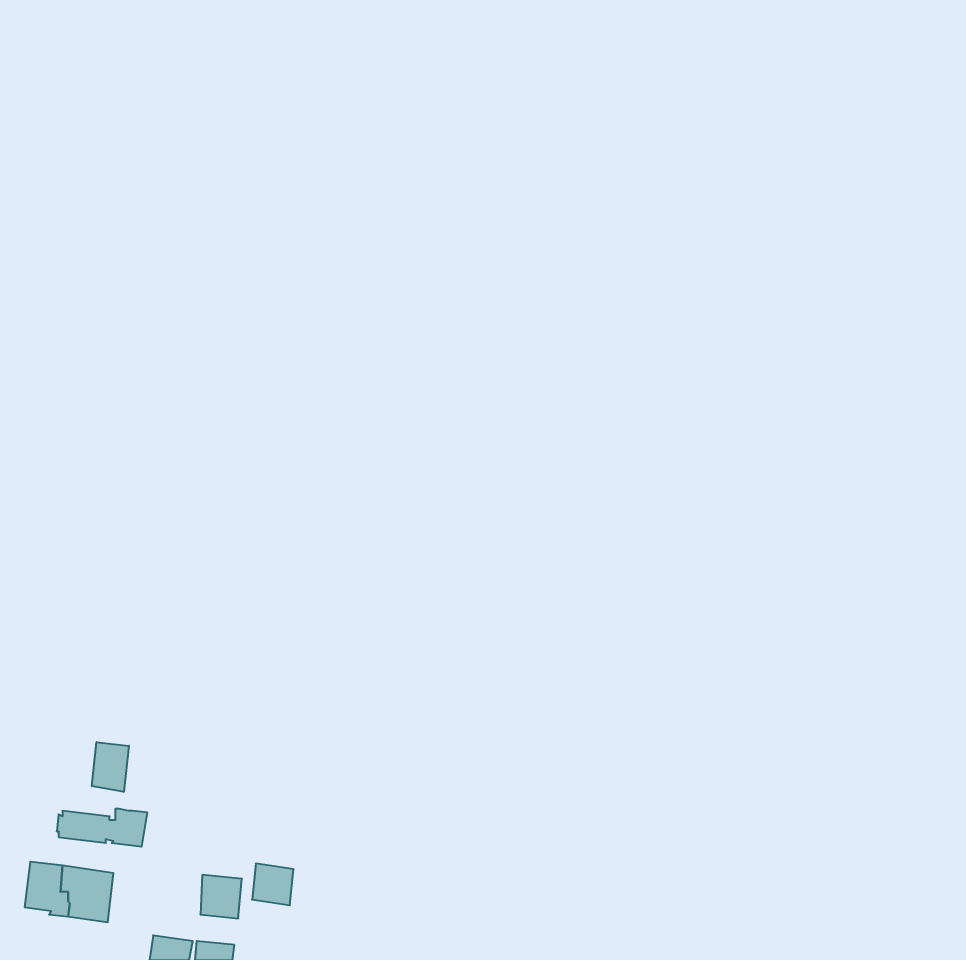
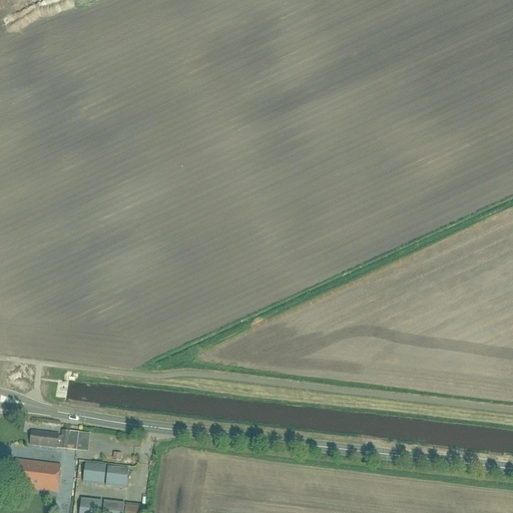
building: [92,742,129,792] -> none
building: [252,864,294,905] -> [83,462,105,484]

